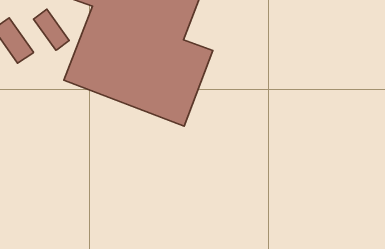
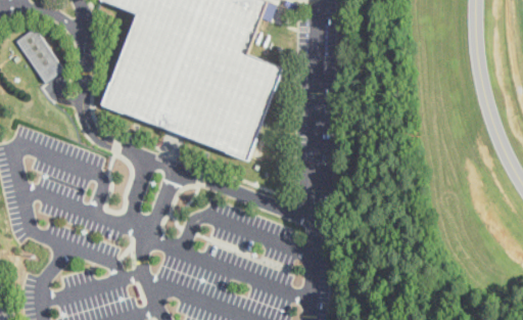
building: [34,9,69,50] -> none

